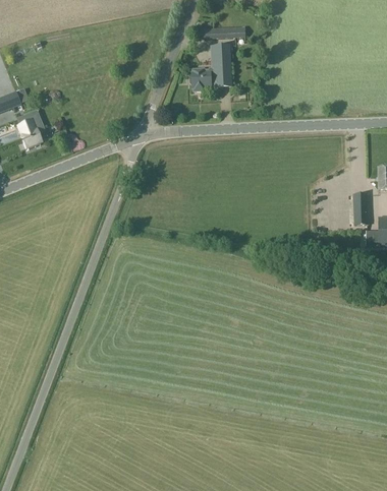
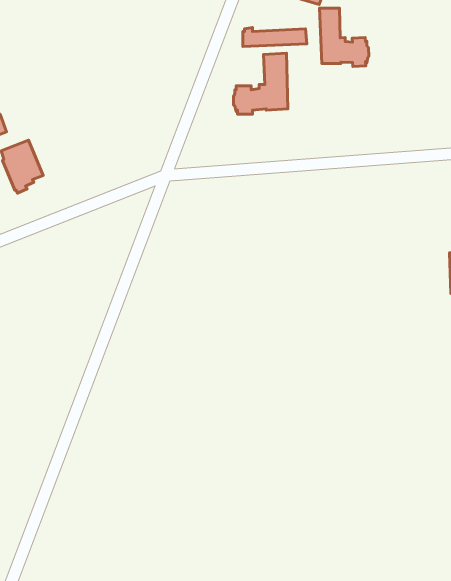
building: none -> [319,8,369,67]

